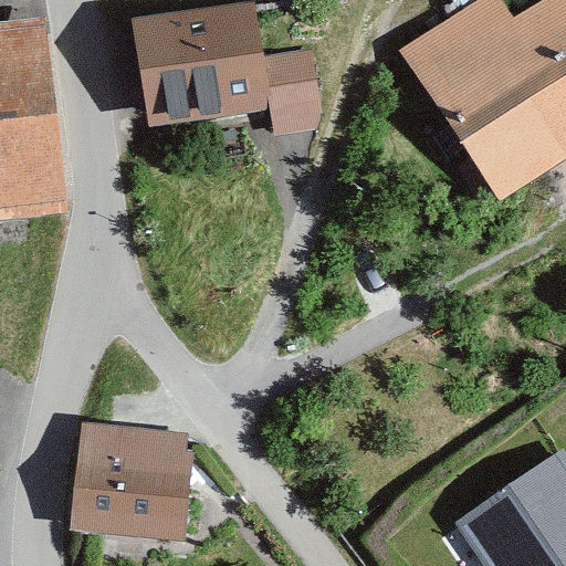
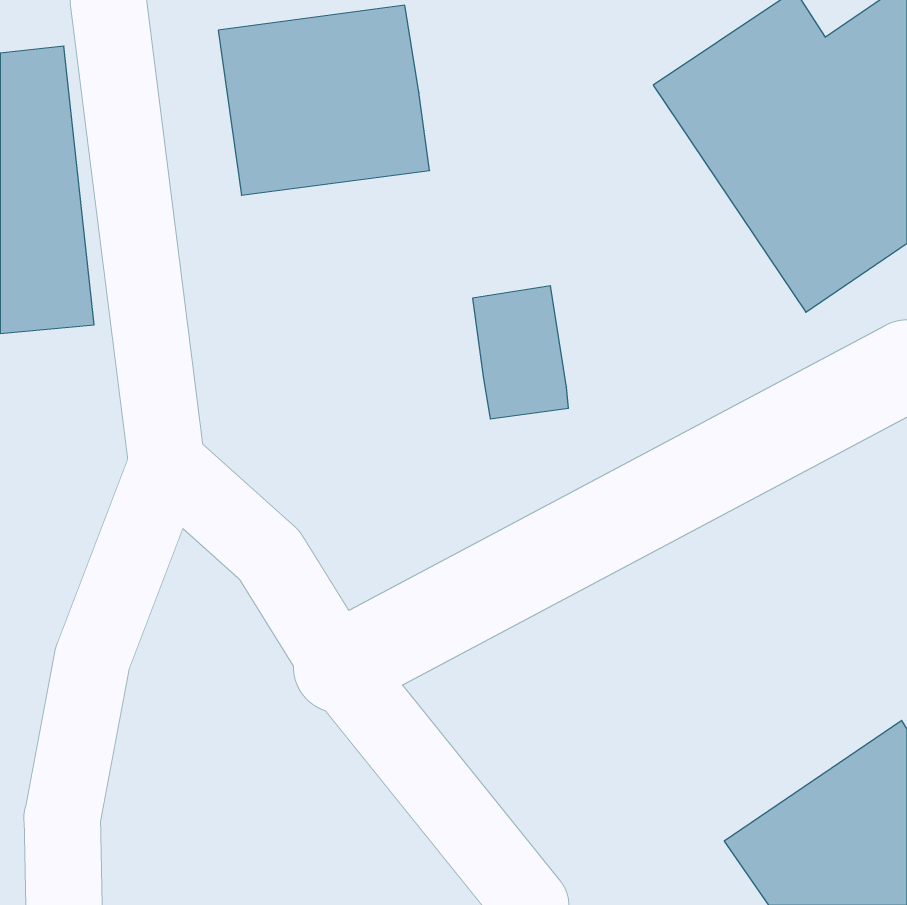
building: [261,50,321,133] -> [473,286,568,419]
building: [75,427,188,536] -> none

